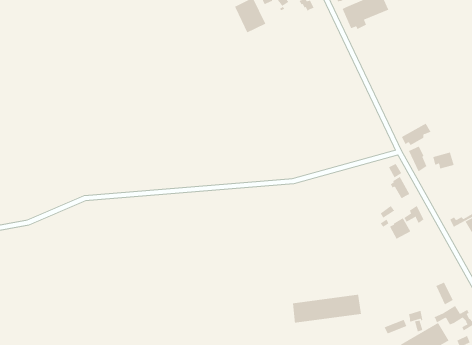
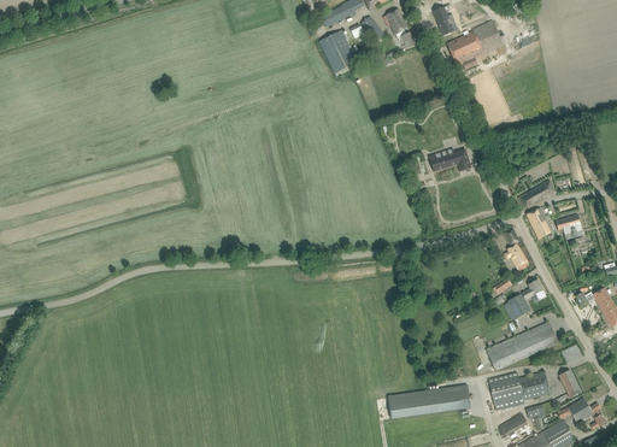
building: none -> [429,149,471,171]
building: none -> [486,320,558,370]
building: none -> [488,371,550,410]

